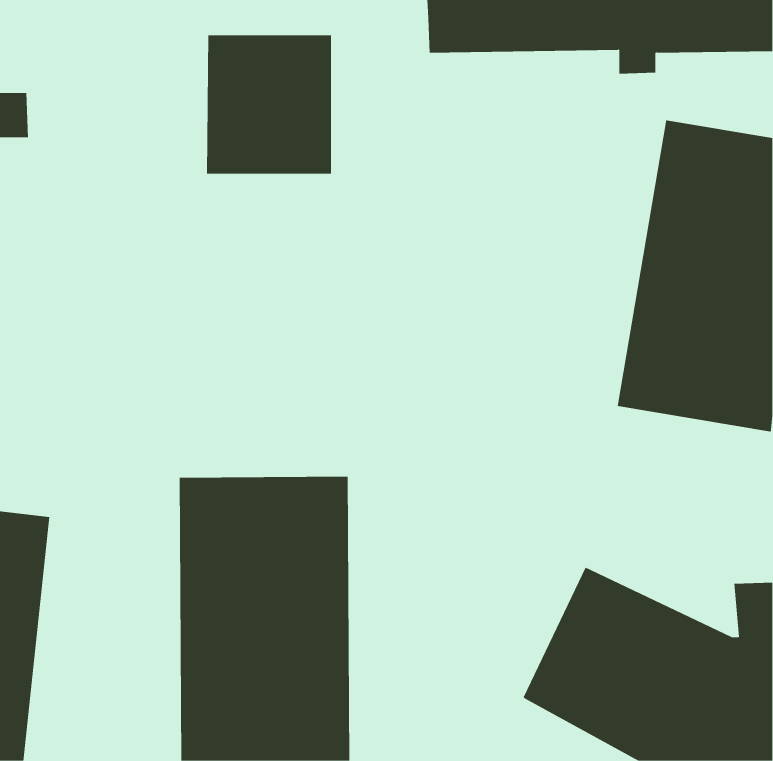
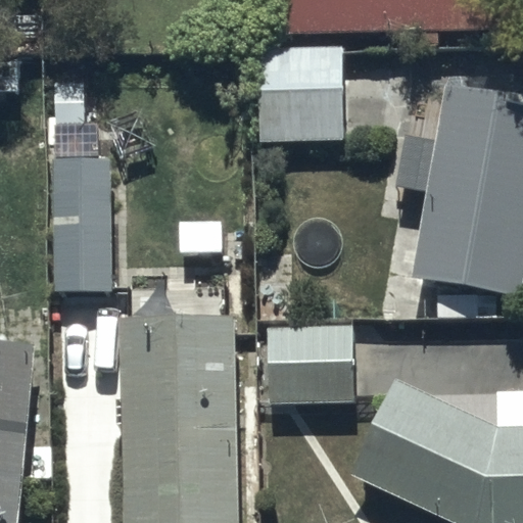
building: [206,35,332,174] -> [258,46,343,140]
building: none -> [52,159,115,292]
building: none -> [268,318,353,402]

